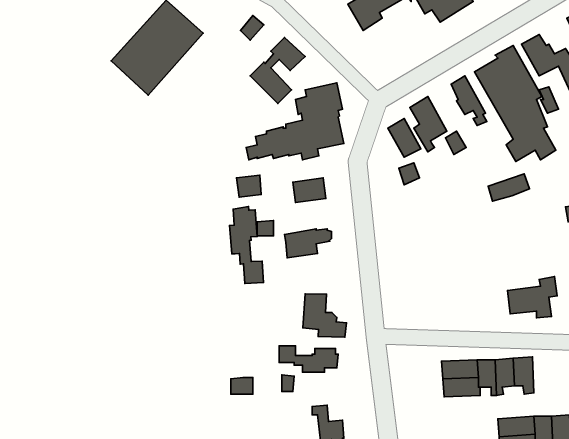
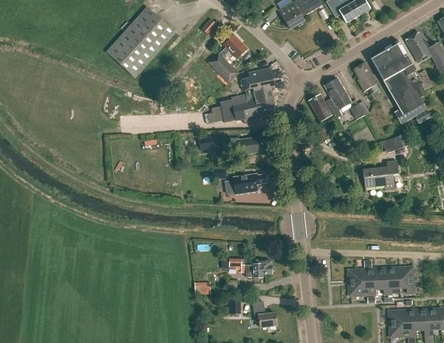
building: [230,207,264,283] -> none
building: [508,277,557,318] -> [363,160,399,190]
building: [303,294,347,337] -> none

